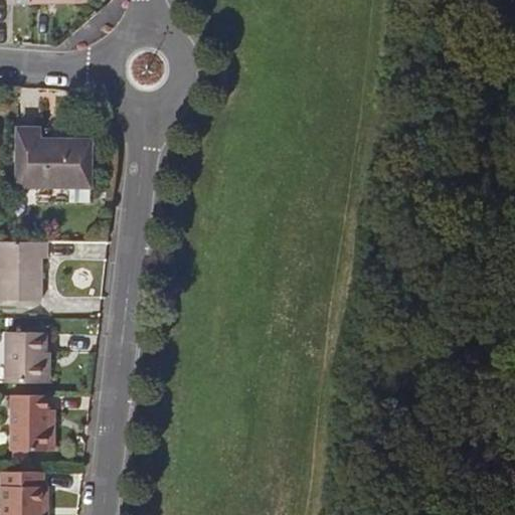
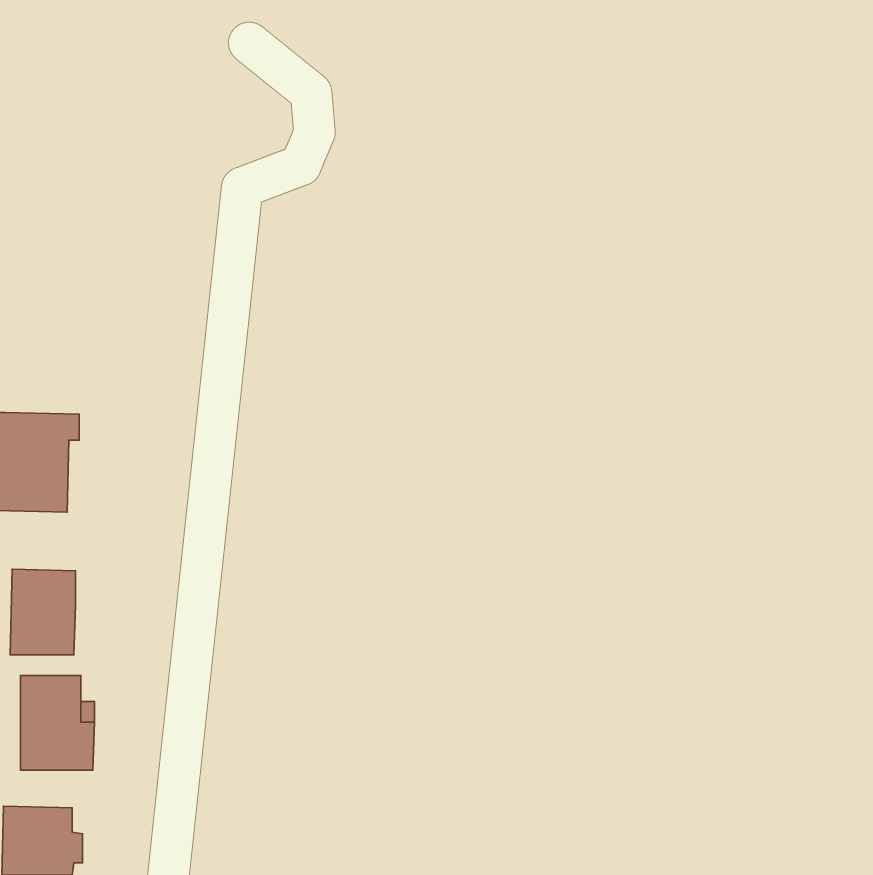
building: [15,125,91,198] -> none

